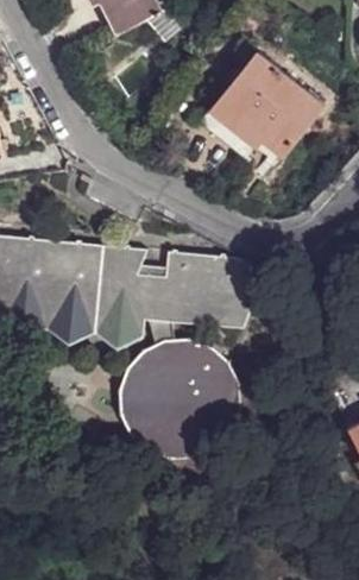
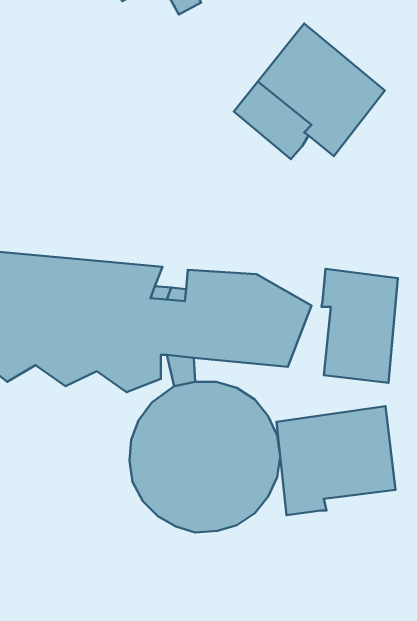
building: none -> [322,269,398,383]
building: none -> [277,406,396,515]

